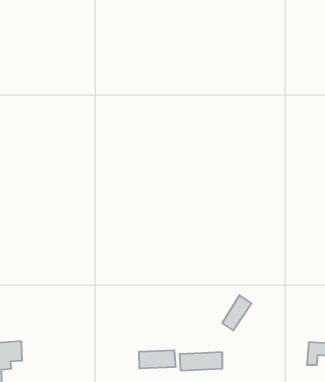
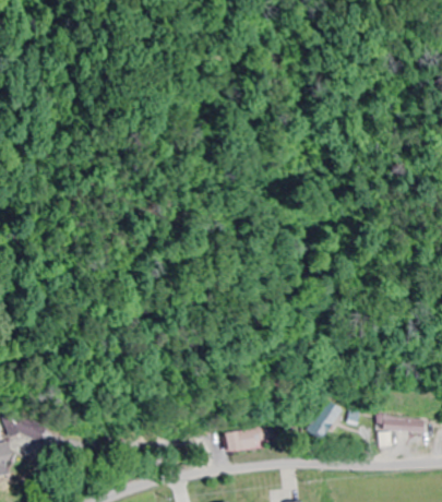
building: [222,295,251,331] -> [308,396,343,439]
building: [139,350,175,369] -> none

